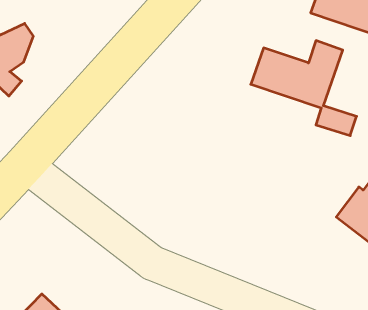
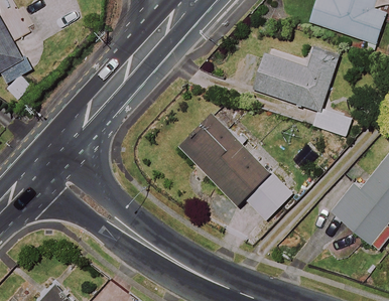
building: none -> [181,114,276,218]

